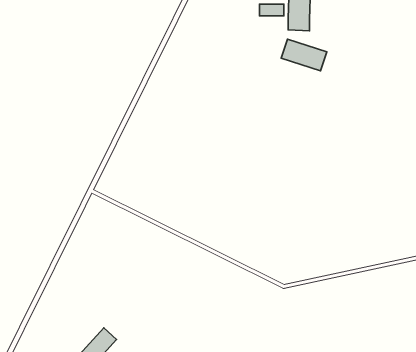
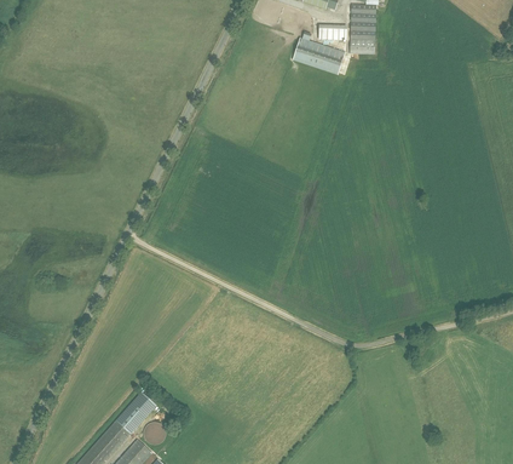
building: [281,39,327,71] -> [293,38,345,74]

